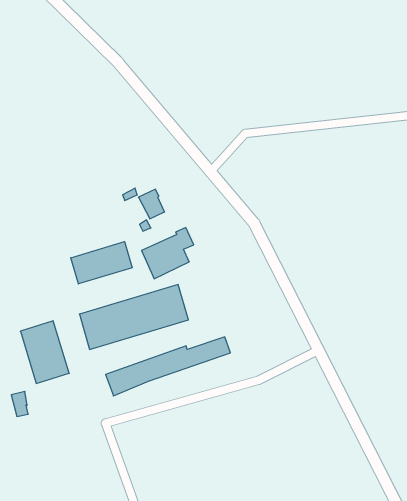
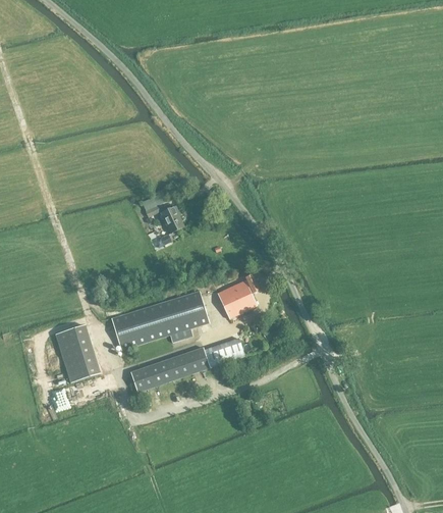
building: [142,228,194,279] -> [215,274,262,320]
building: [71,242,132,284] -> none

